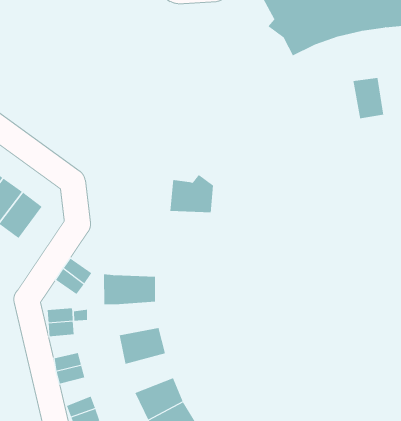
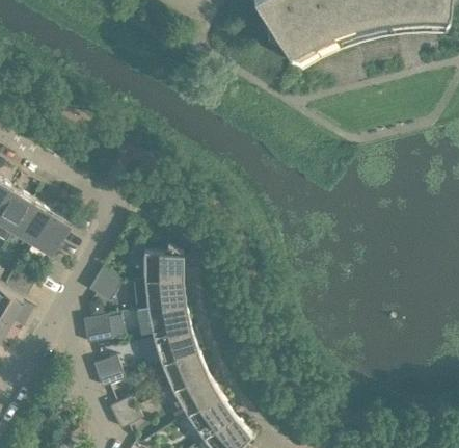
building: [353,77,384,119] -> none
building: [170,174,214,213] -> [144,245,184,283]
building: none -> [147,305,191,339]
building: none -> [162,352,209,392]

